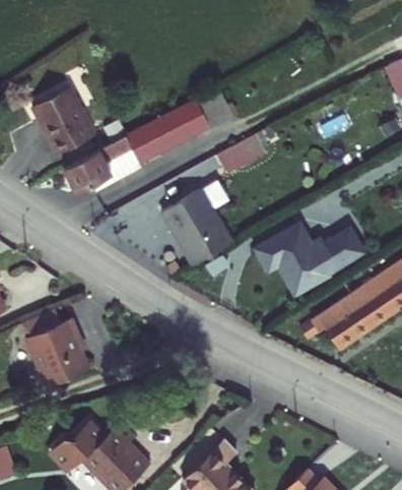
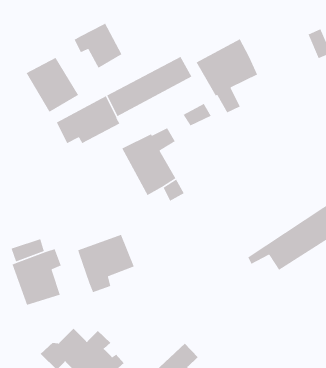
building: none -> [73,23,123,69]
building: none -> [196,38,258,113]
building: [250,212,355,283] -> none
building: none -> [77,234,135,293]

